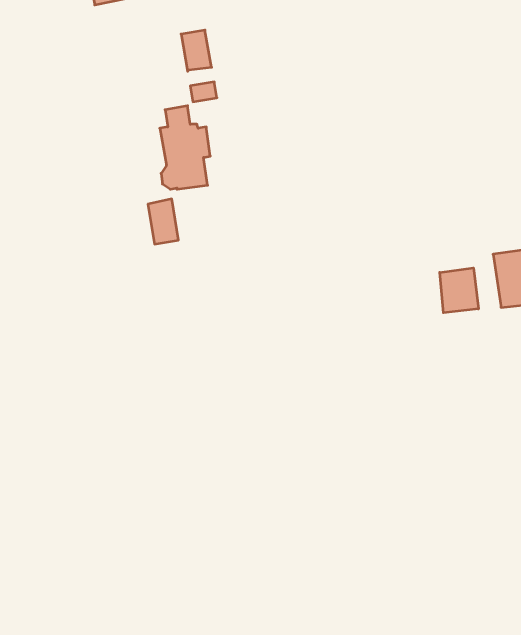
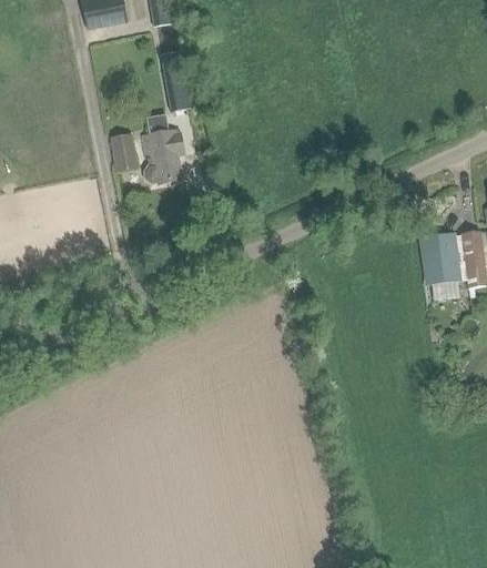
building: [148,199,178,244] -> [111,131,136,169]
building: [440,268,478,313] -> none

